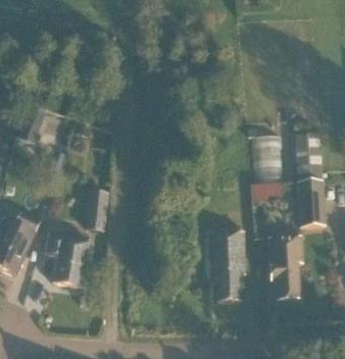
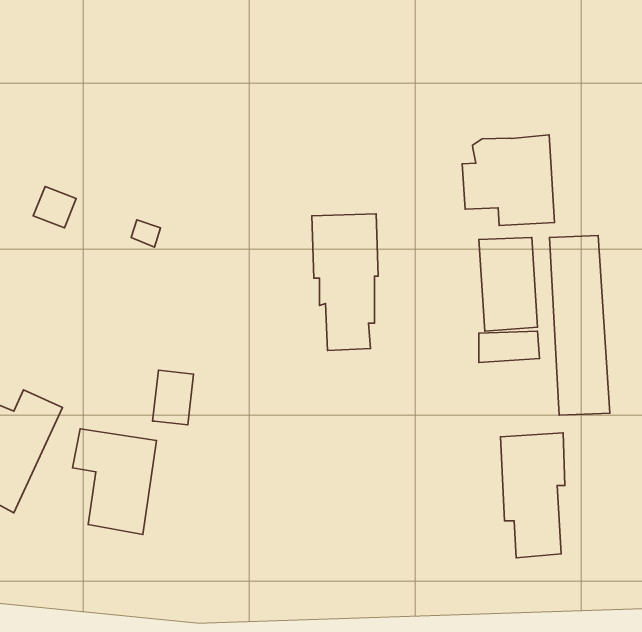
building: none -> [462,135,555,226]
building: [209,230,244,302] -> [312,214,378,350]

